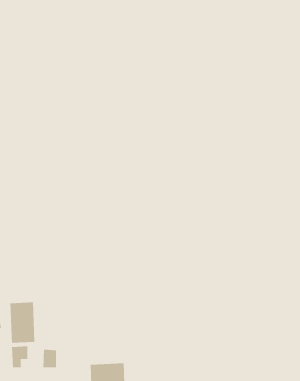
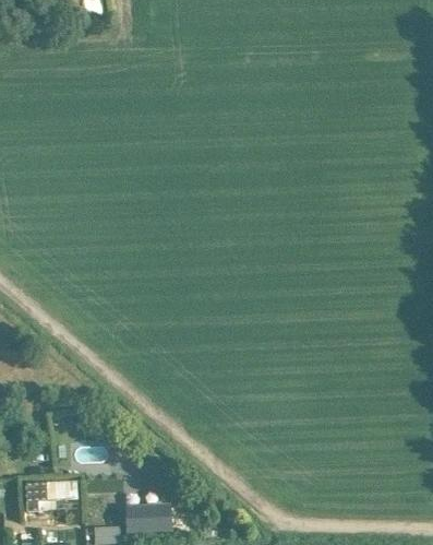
building: [9,302,35,344] -> none

